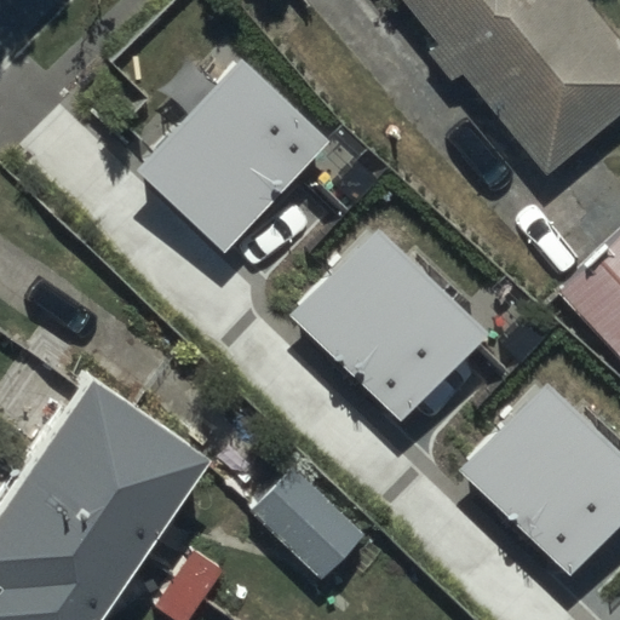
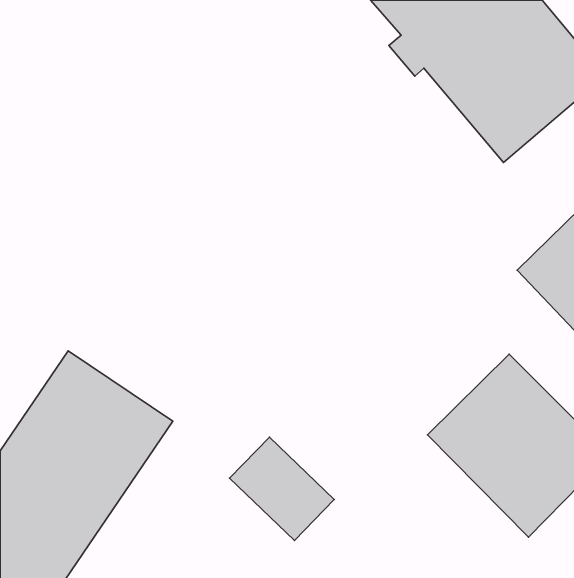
building: [138,54,333,249] -> none
building: [294,226,490,421] -> none

